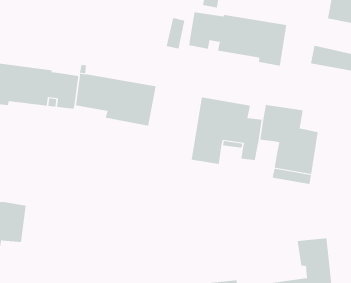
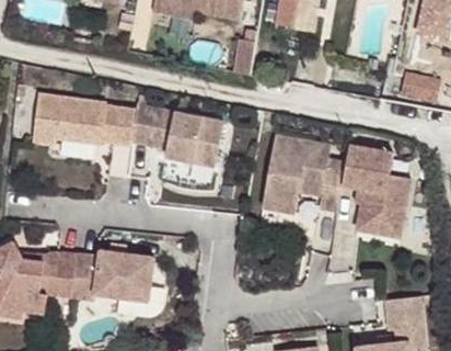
building: [189,11,287,67] -> none
building: none -> [69,254,150,302]

